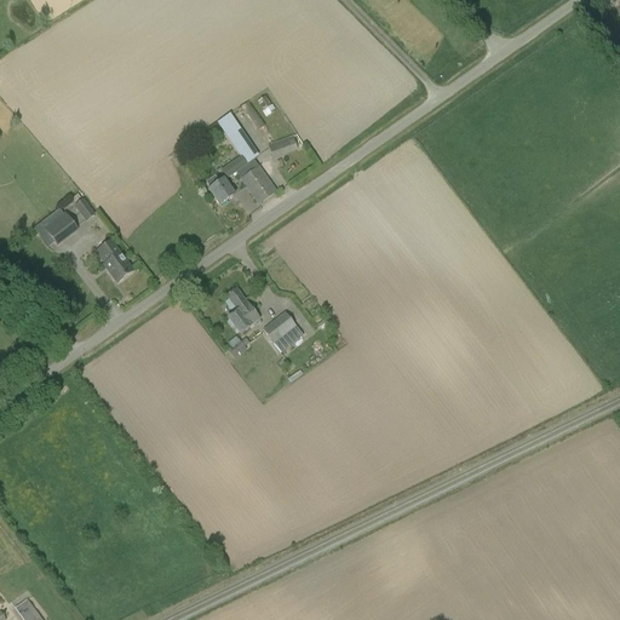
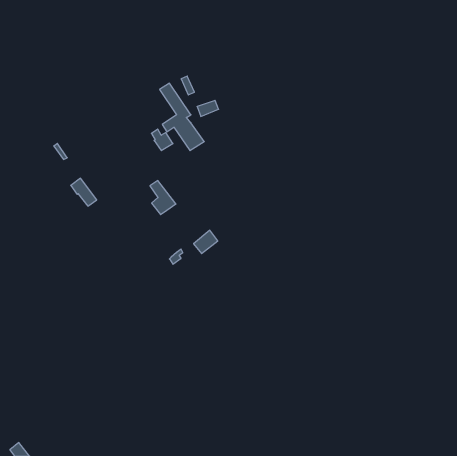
building: [39,207,76,246] -> none
building: [224,287,259,333] -> [150,181,176,215]

